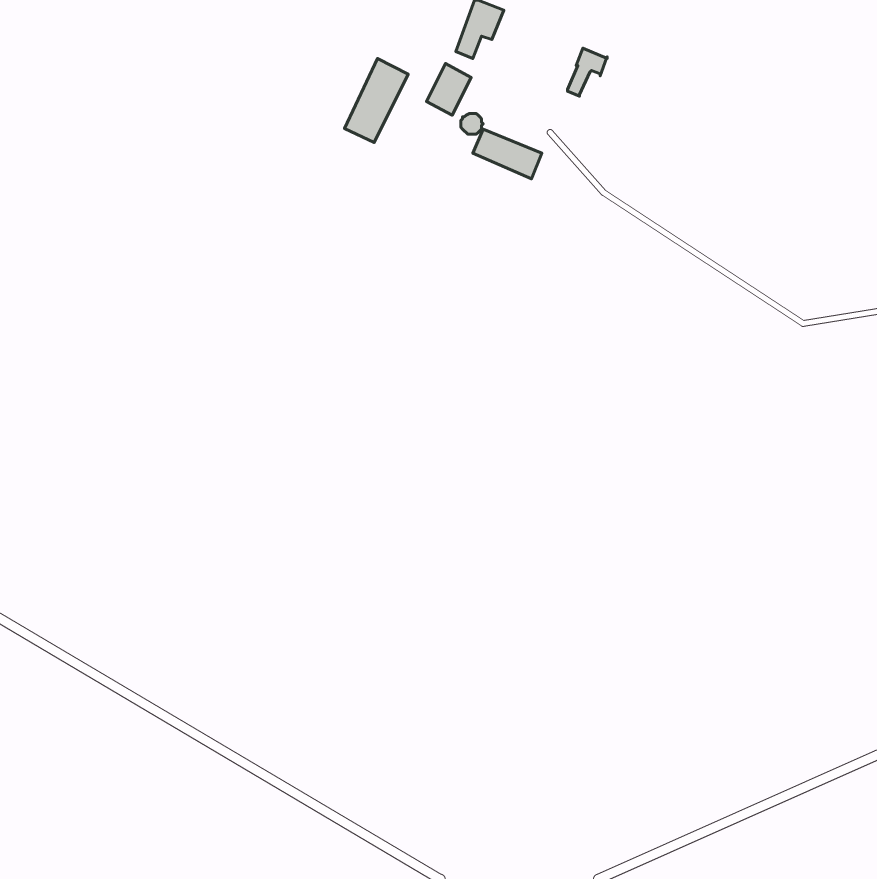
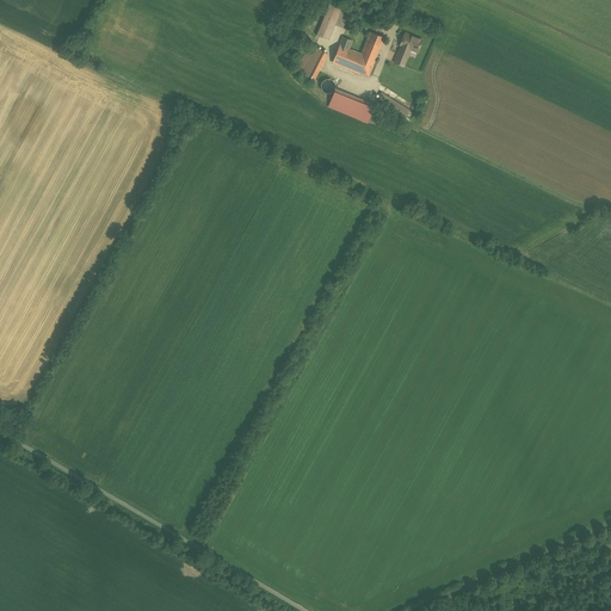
building: none -> [332,32,383,76]
building: [345,58,408,143] -> none

